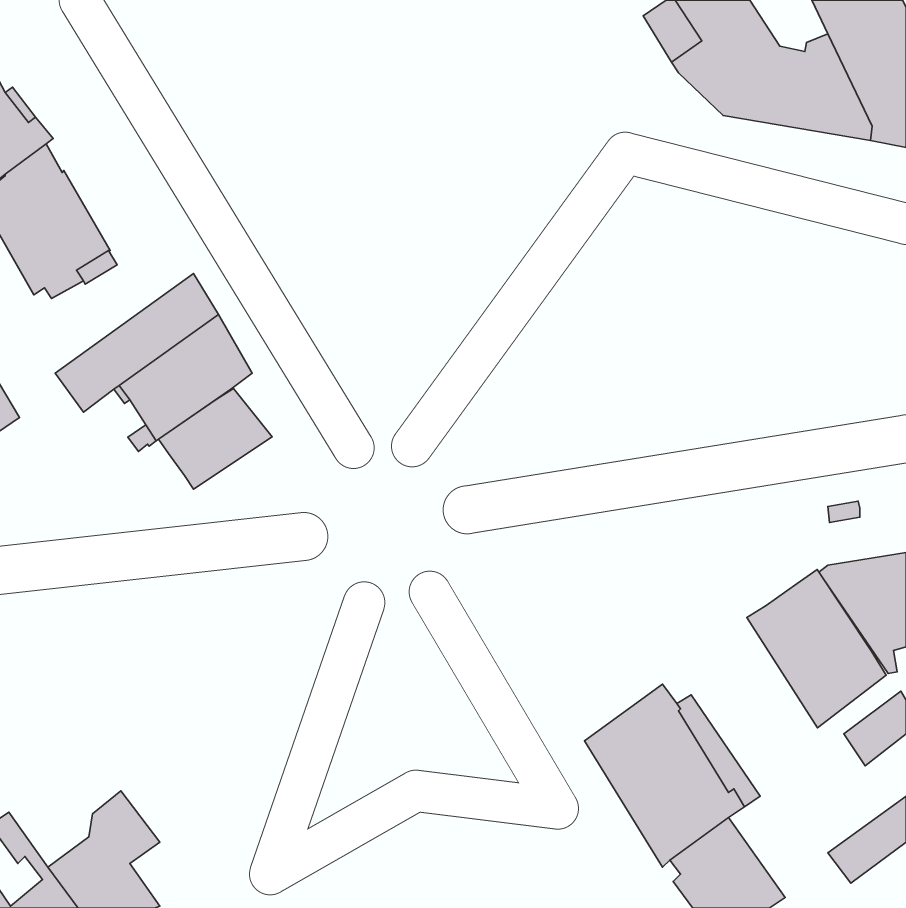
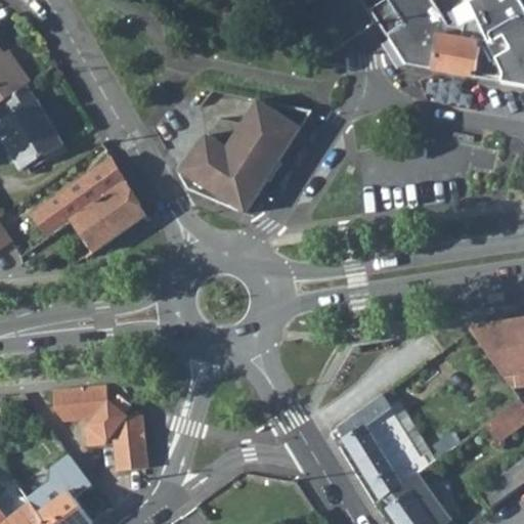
building: none -> [178,100,311,214]
building: [158,388,272,489] -> none
building: [747,570,886,728] -> none
building: none -> [53,386,147,471]

